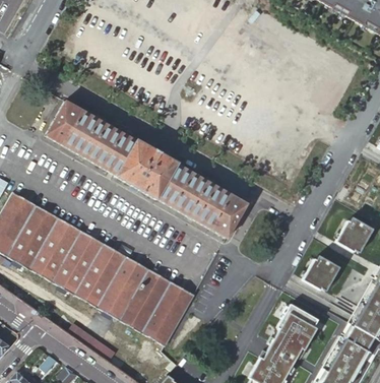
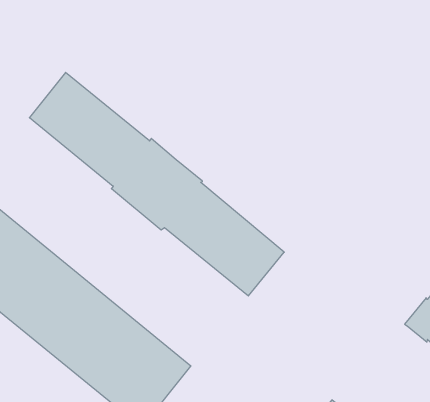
building: [303,253,340,290] -> none

